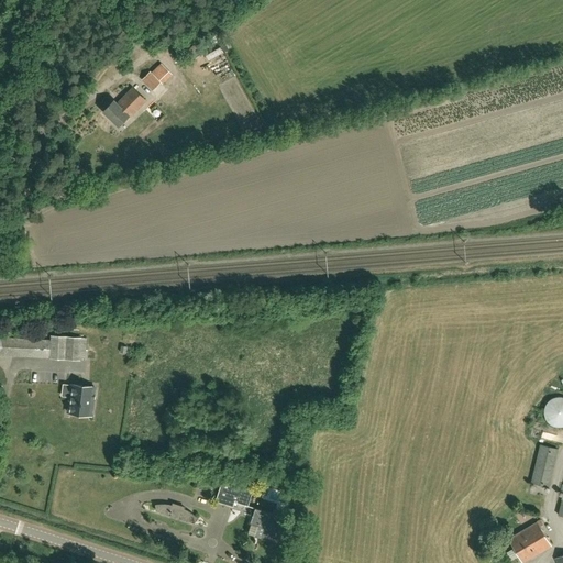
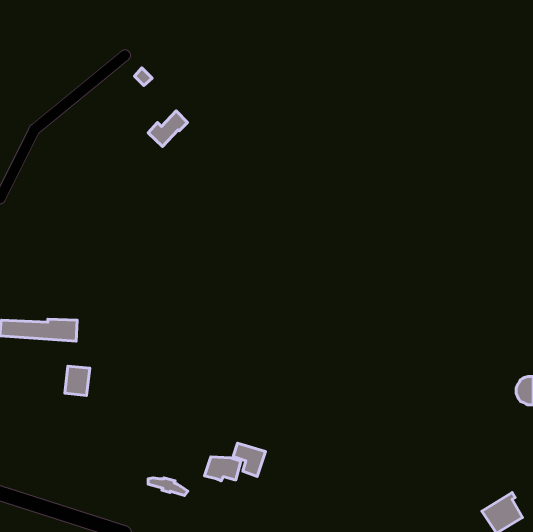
building: [103,89,145,126] -> [148,111,188,146]
building: [531,445,558,488] -> none
building: [251,509,285,544] -> [233,443,266,476]

